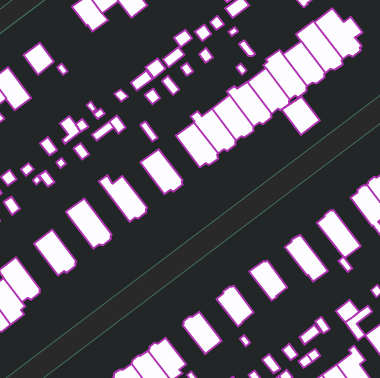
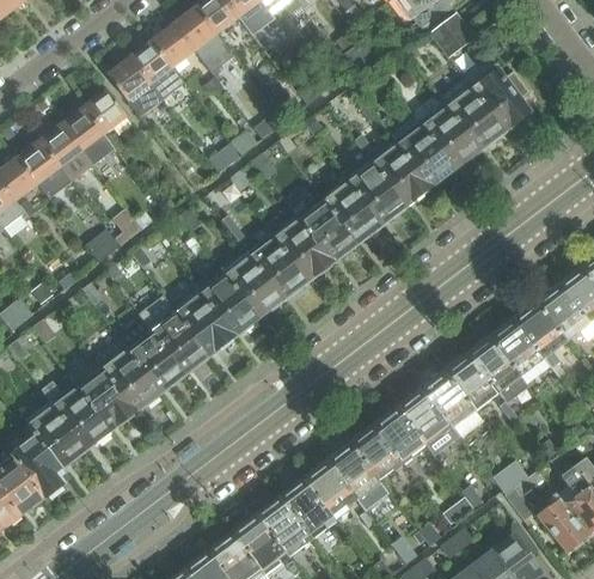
building: none -> [106,57,160,116]
building: none -> [84,91,125,134]
building: none -> [39,124,93,184]
building: [282,96,320,135] -> none
building: none -> [247,236,305,298]
building: none -> [194,273,256,336]
building: none -> [149,310,208,373]
building: none -> [489,322,543,379]
building: none -> [96,341,158,410]
building: none -> [443,356,497,414]
building: none -> [50,385,109,449]
building: none -> [398,390,460,458]
building: none -> [351,423,404,481]
building: none -> [304,462,357,517]
building: none -> [257,498,312,556]

